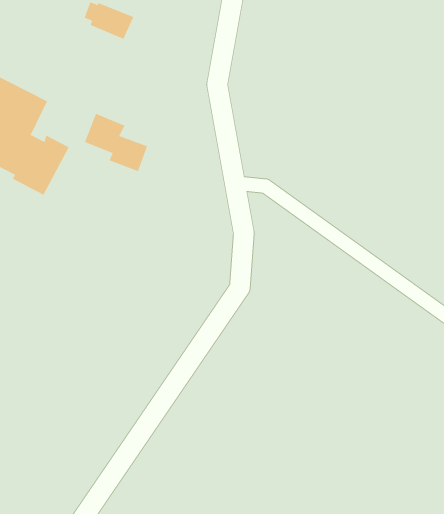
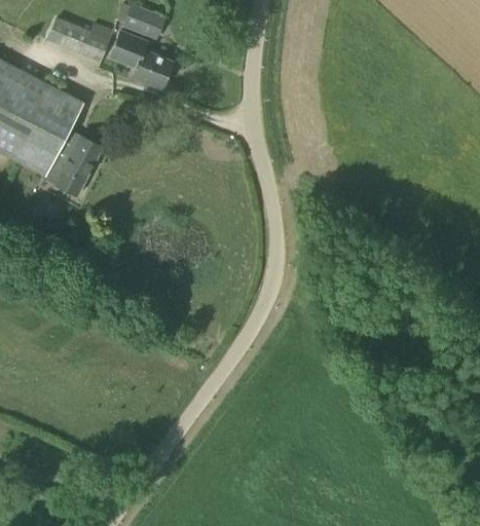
building: none -> [58,22,112,61]
building: [84,113,148,172] -> [108,29,172,87]

